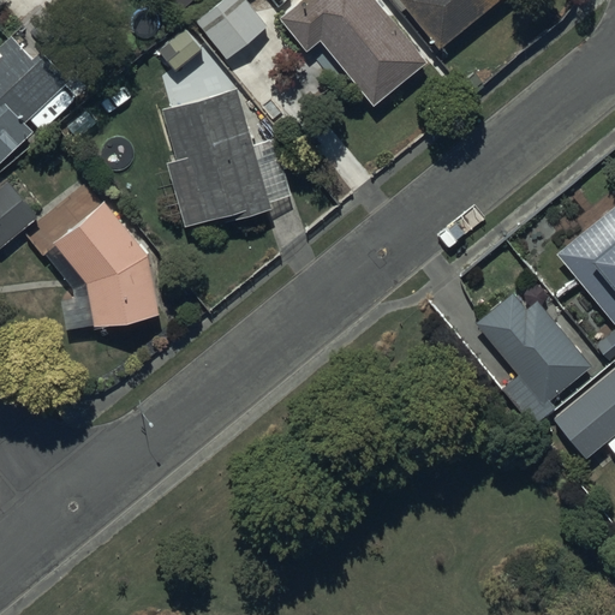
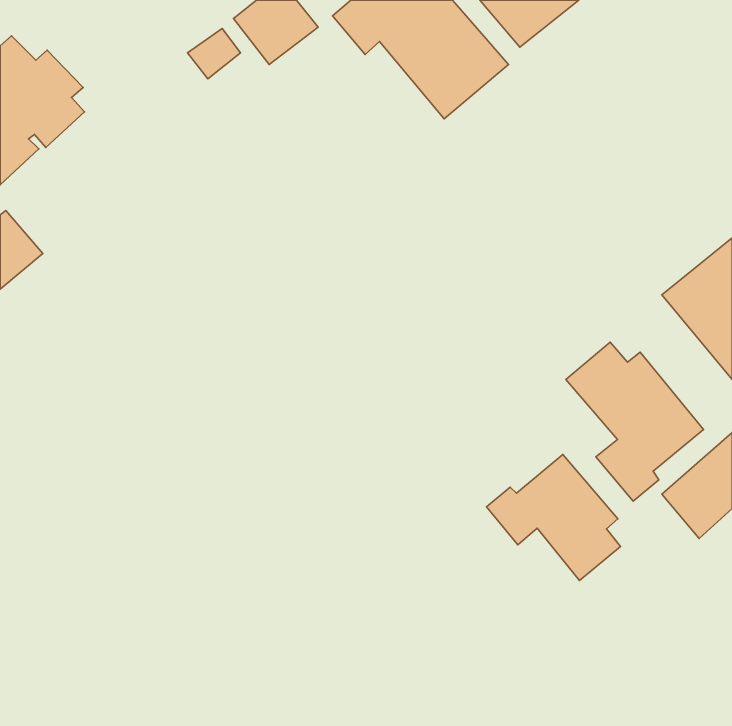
building: [161,86,288,225] -> none
building: [52,201,157,324] -> none
building: none -> [486,454,621,580]

